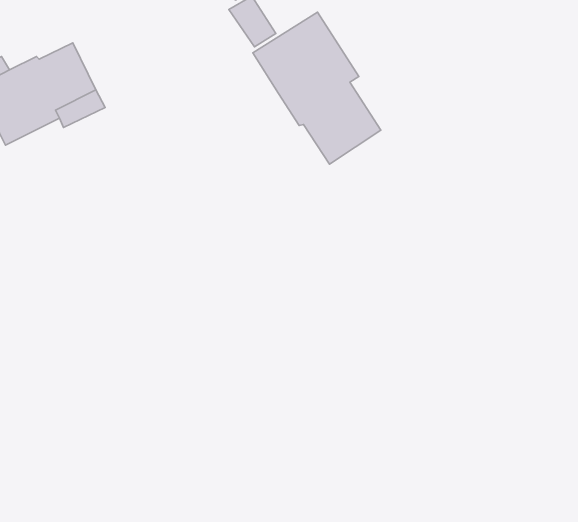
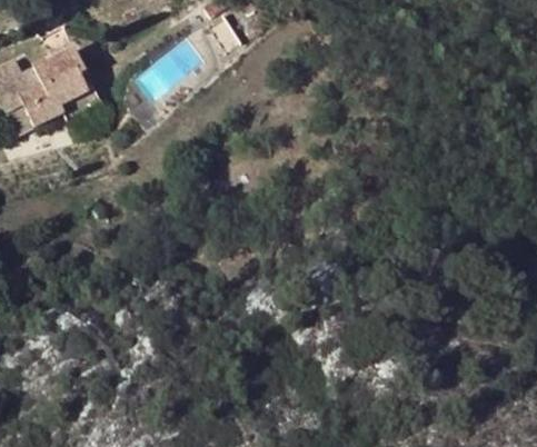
building: [253,12,381,164] -> none

